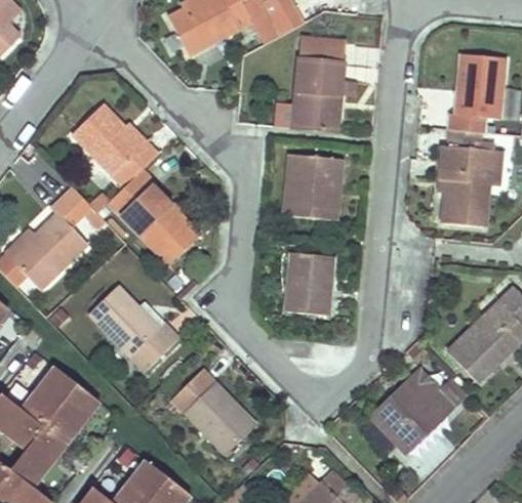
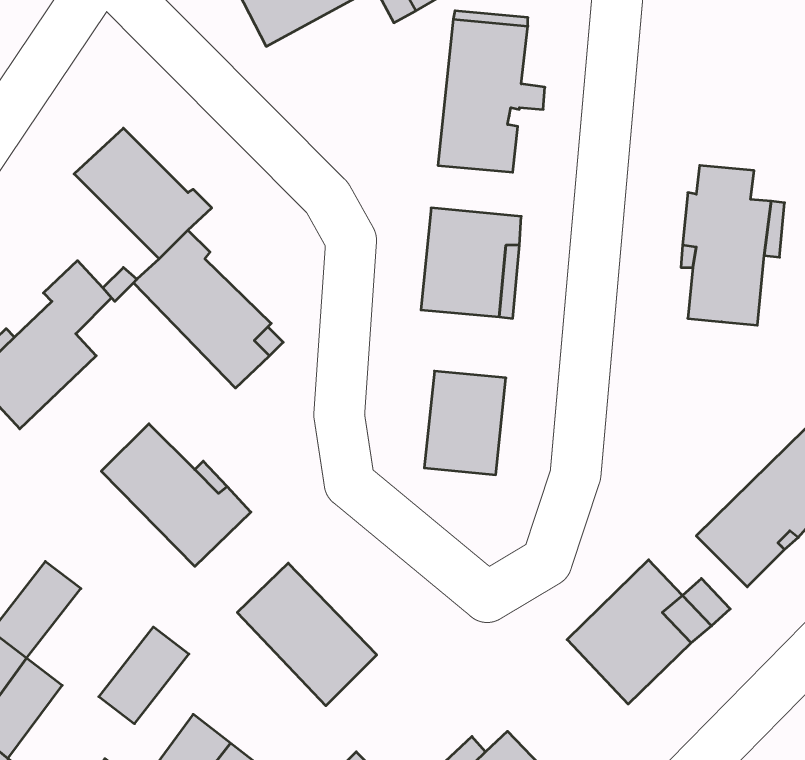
building: [449,53,506,132] -> none
building: [44,384,98,443] -> [99,627,189,724]

